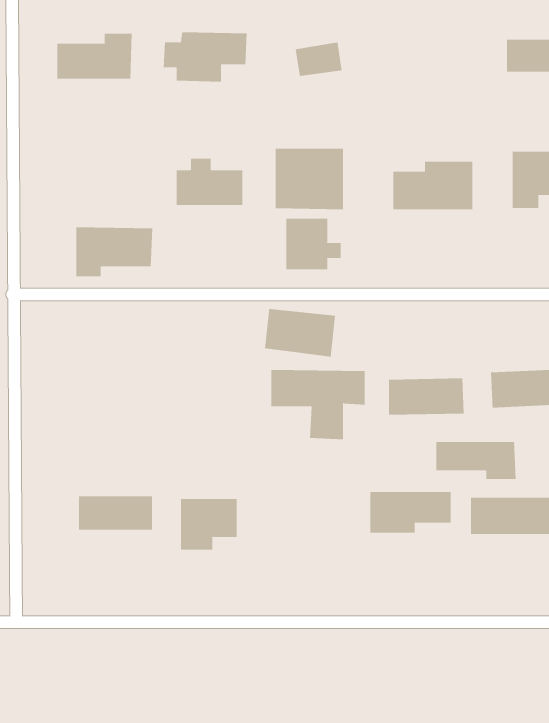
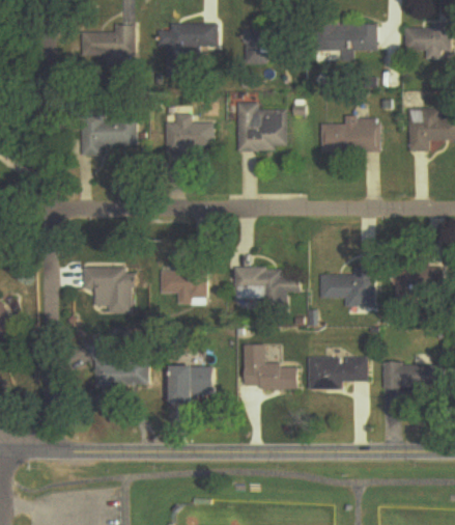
building: none -> [321,25,376,62]
building: [286,218,341,270] -> none
building: [76,227,153,277] -> [82,118,138,155]
building: [264,308,336,357] -> [157,265,208,300]
building: none -> [95,266,133,312]
building: [436,441,516,480] -> none
building: none -> [241,342,296,387]

